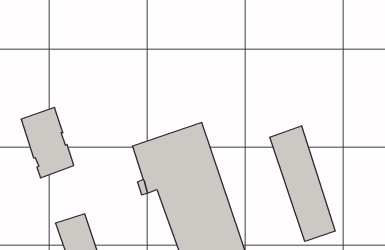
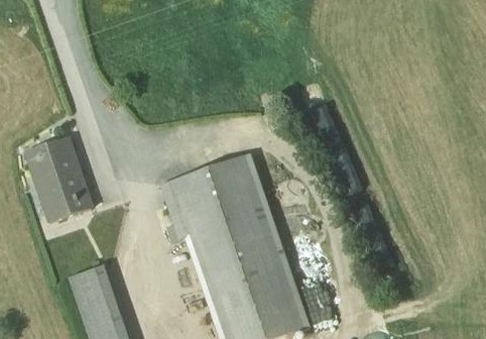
building: [270,126,335,241] -> none

